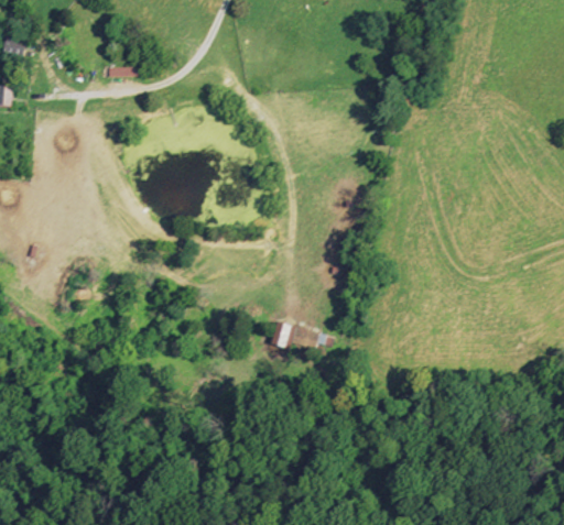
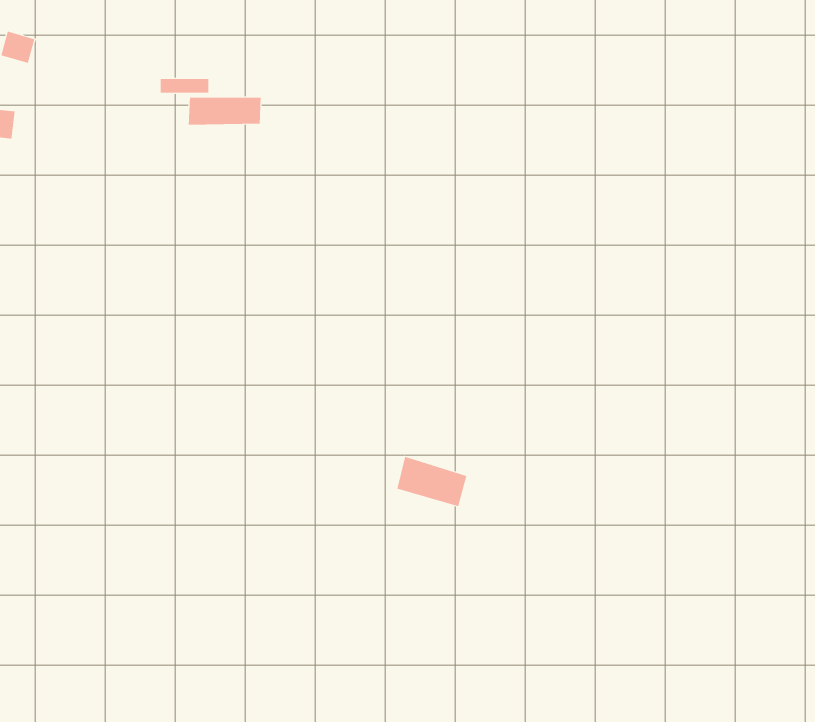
building: none -> [188,97,261,125]

